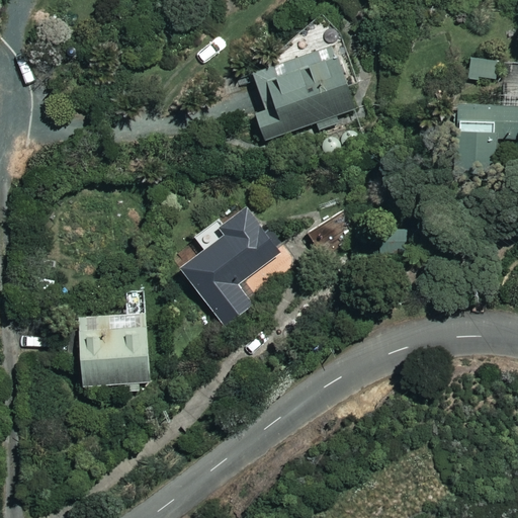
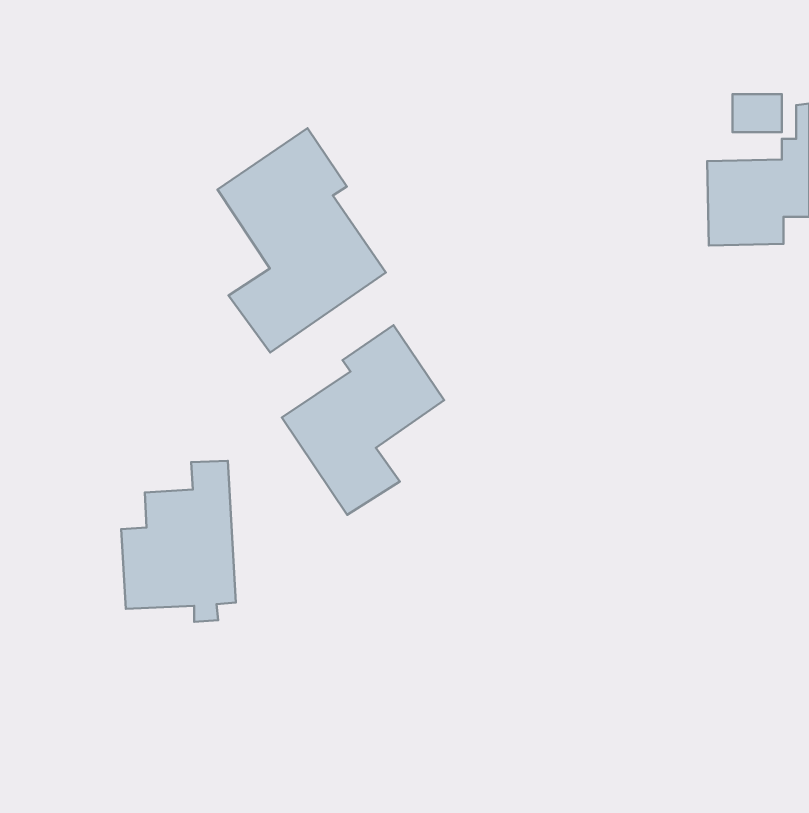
building: [250,41,357,142] -> none
building: none -> [218,128,386,352]

